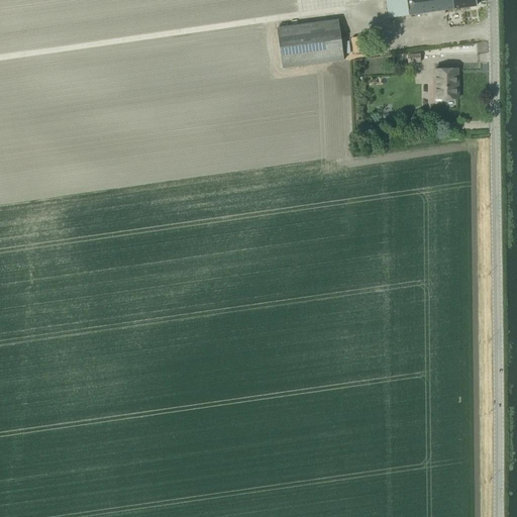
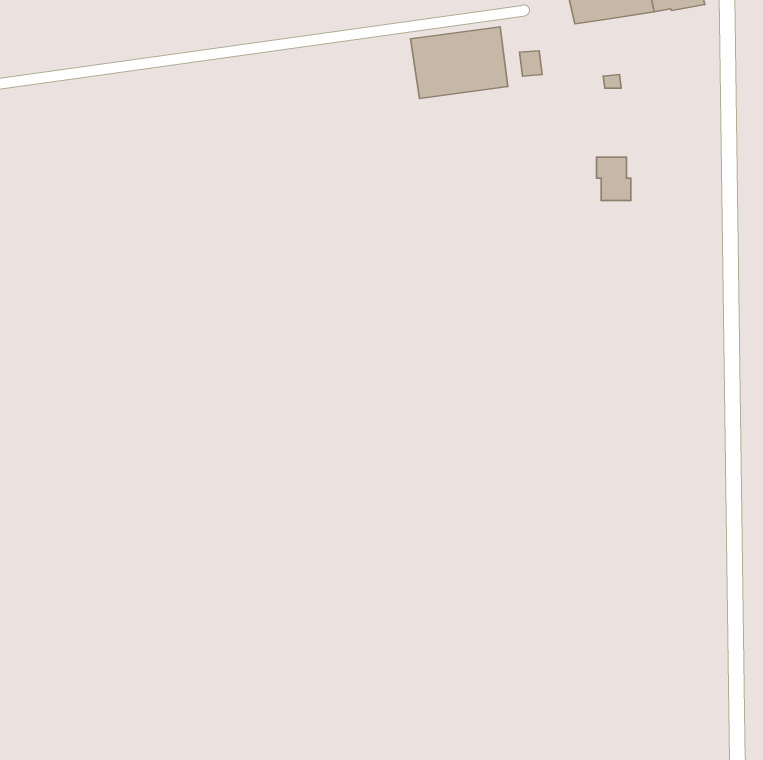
building: [434,68,457,97] -> [597,157,631,201]

